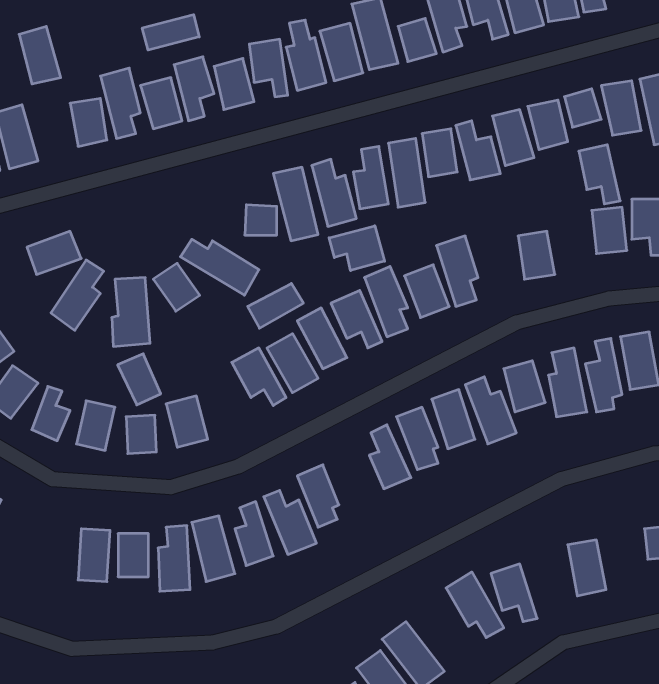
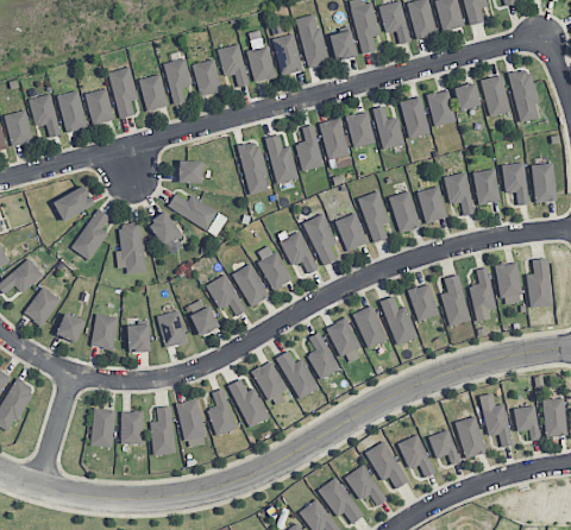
building: [142,15,199,50] -> none
building: [19,26,61,84] -> [57,89,88,132]
building: [579,145,620,204] -> [444,171,475,215]
building: [245,205,277,235] -> [178,159,202,182]
building: [329,226,385,271] -> none
building: none -> [389,190,421,233]
building: [248,283,303,328] -> none
building: [118,354,161,405] -> [186,297,218,335]
building: none -> [276,349,319,398]
building: none -> [481,393,510,447]
building: none -> [427,428,460,465]
building: none -> [345,463,385,505]

